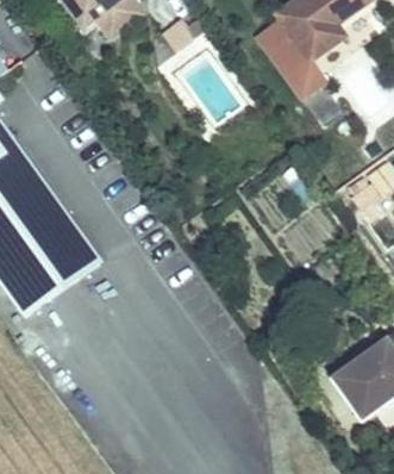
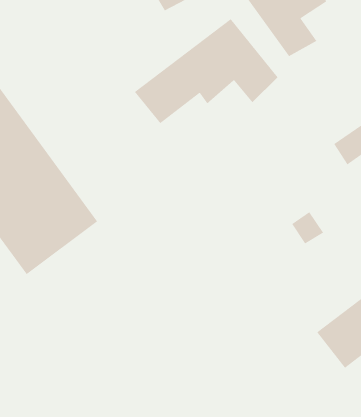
building: none -> [134,18,278,124]

